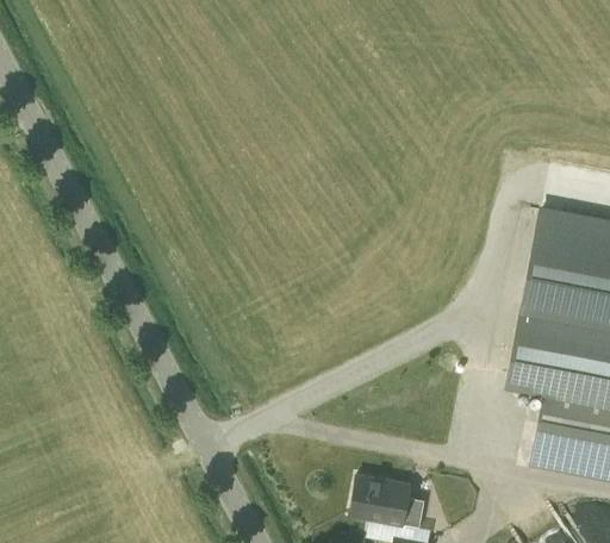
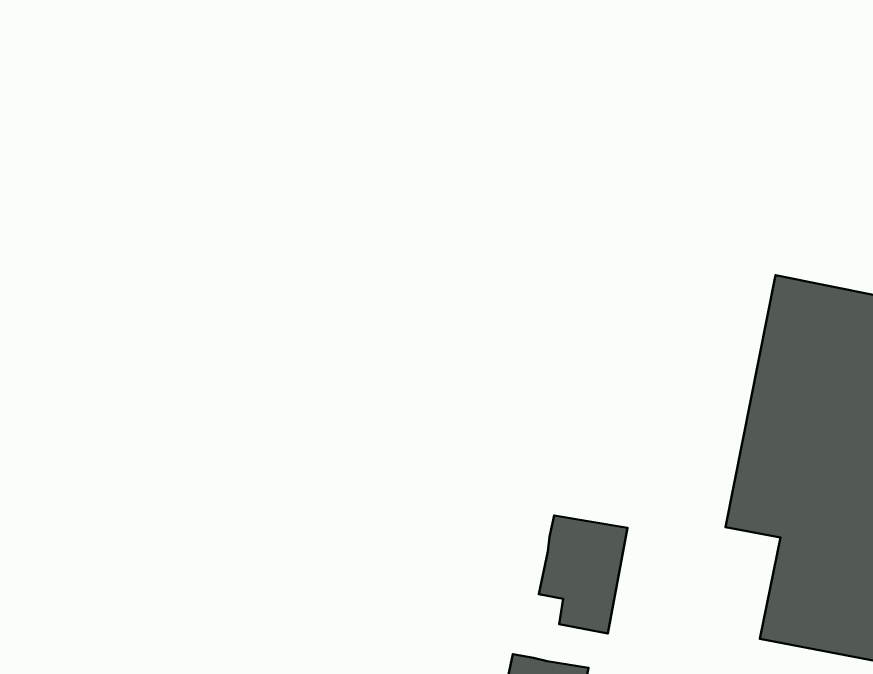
building: none -> [539,516,628,633]

